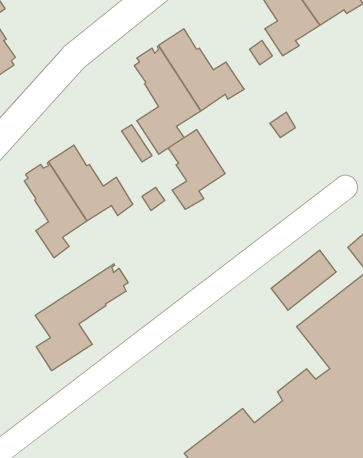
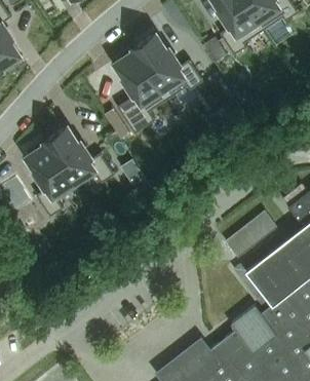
building: [168,130,225,209] -> none
building: [35,264,128,371] -> none

